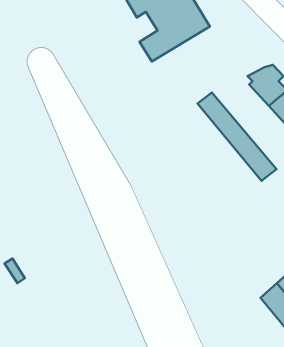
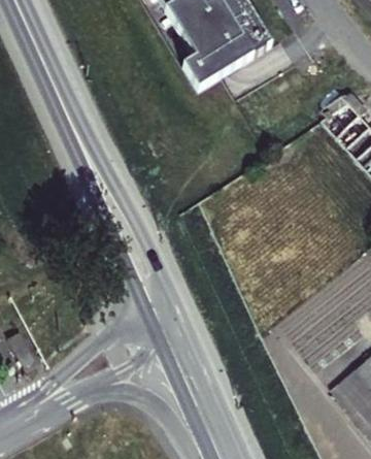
building: [198,93,277,181] -> none

